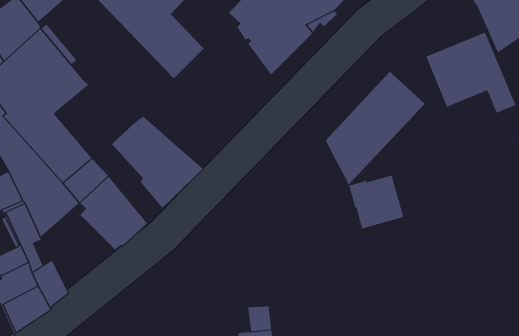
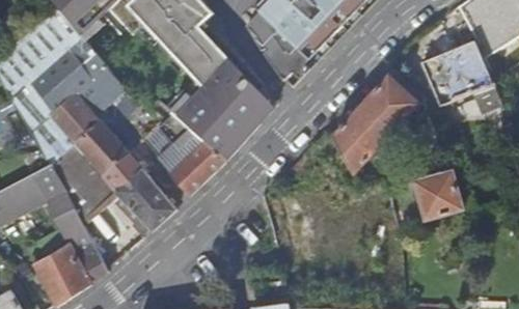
building: none -> [171,56,273,162]
building: [349,175,404,229] -> [414,172,463,220]

